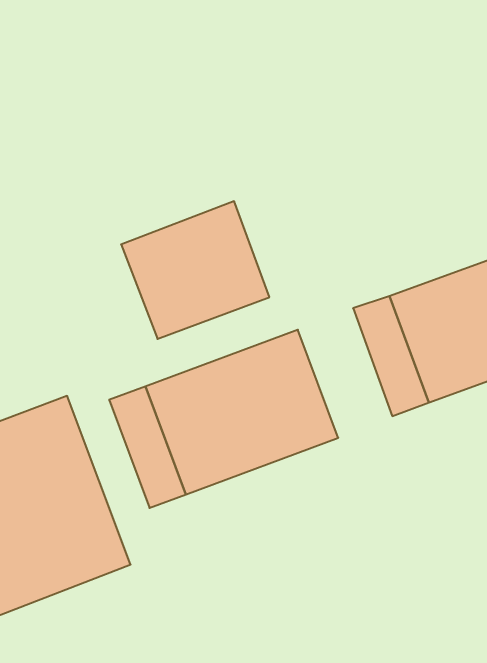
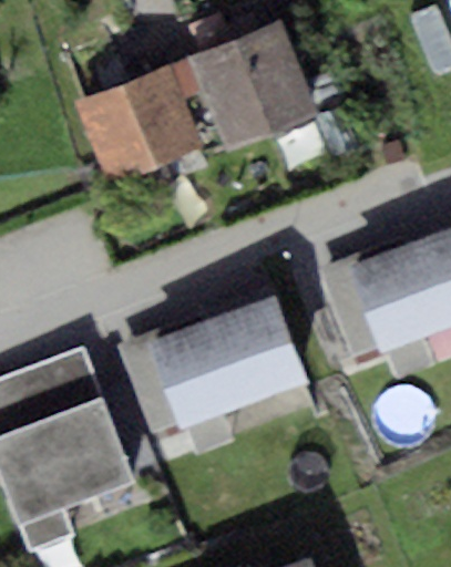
building: none -> [198,27,321,154]
building: [121,201,269,339] -> [83,76,205,189]

